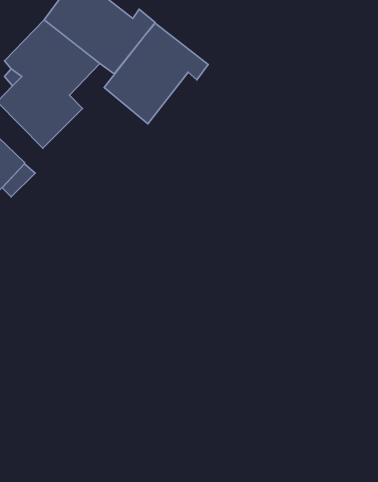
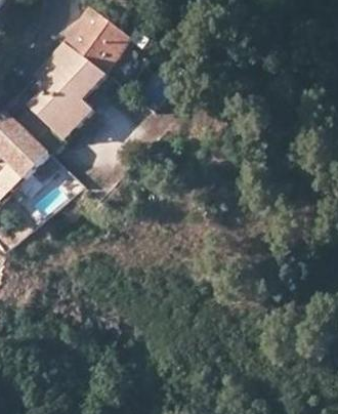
building: [104,23,208,124] -> none

